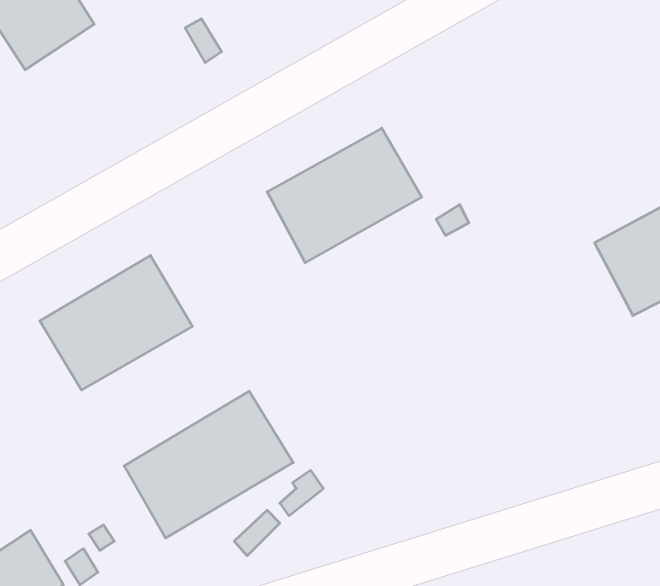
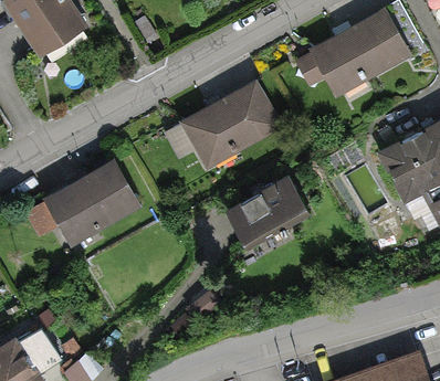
building: none -> [313,10,408,93]
building: none -> [228,178,308,247]
building: [124,391,293,538] -> none

